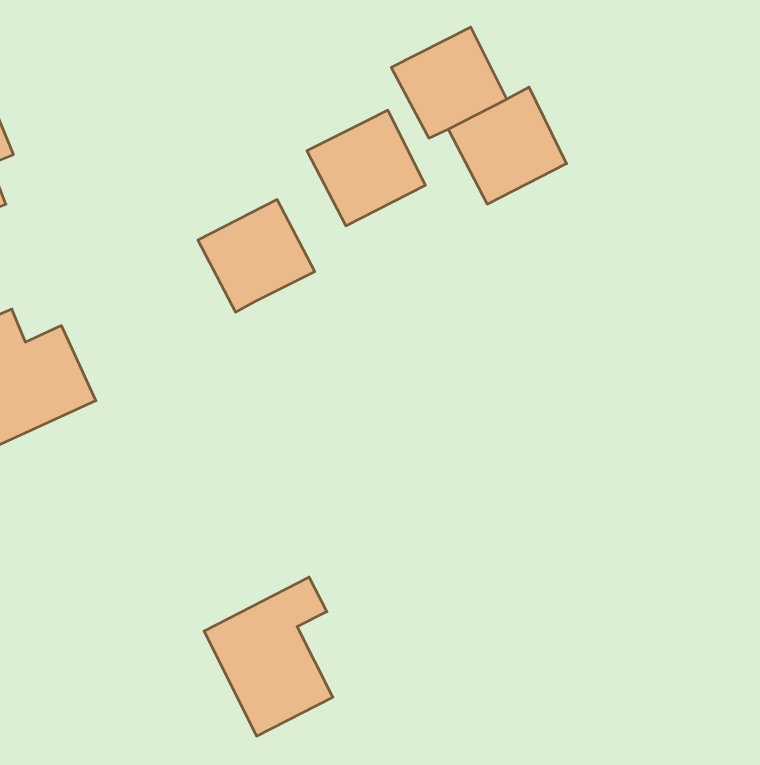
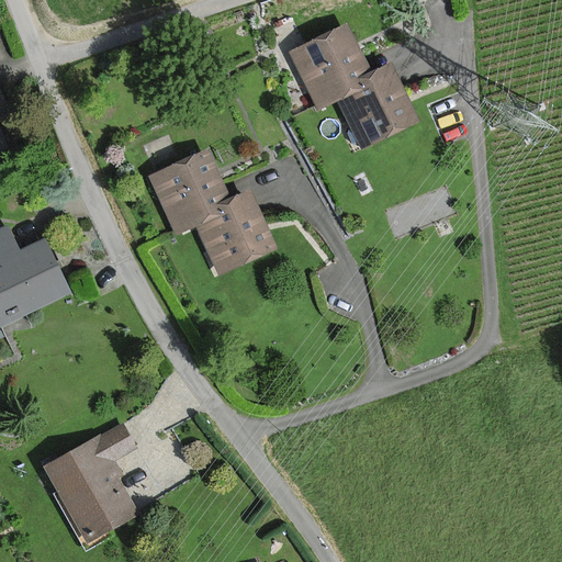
building: [307,110,425,226] -> [187,191,273,276]
building: [204,577,333,736] -> [47,425,142,541]

